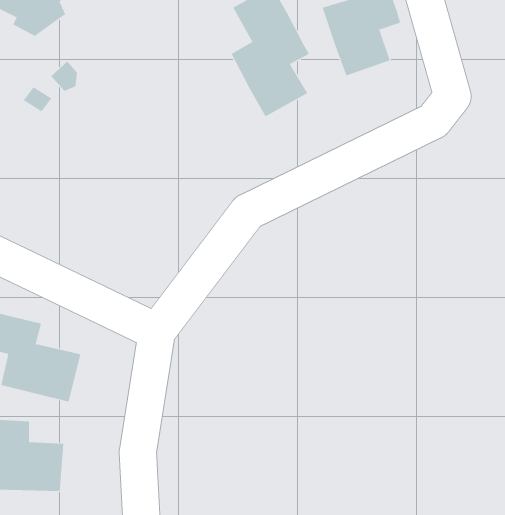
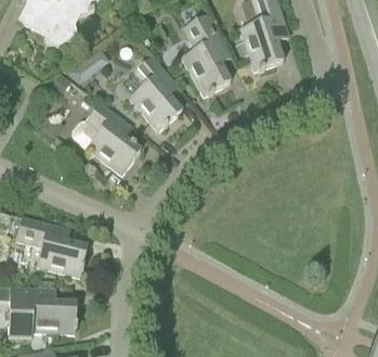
building: none -> [129,54,182,130]
building: none -> [71,101,141,174]

